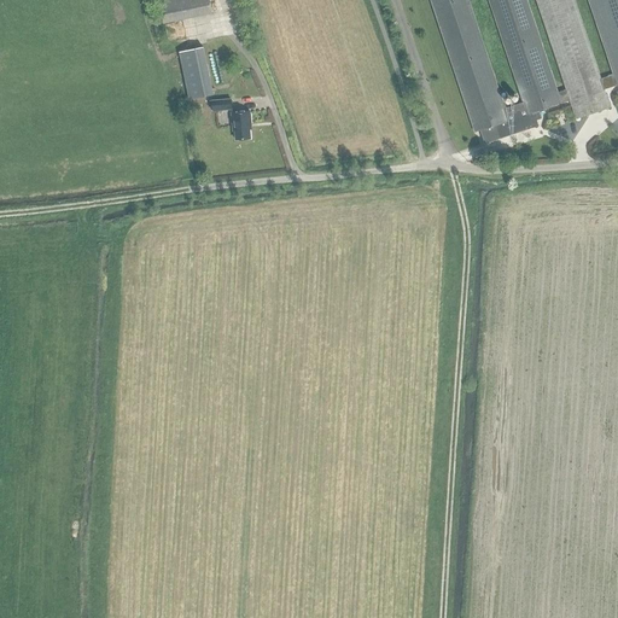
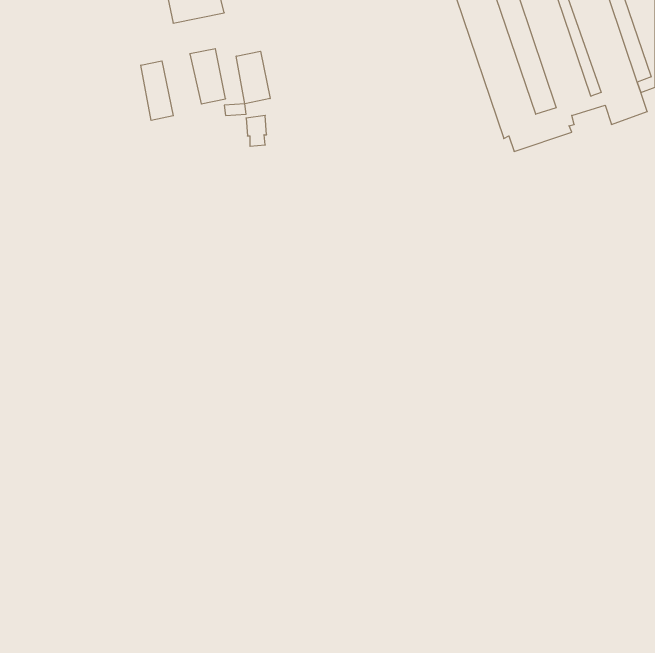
building: none -> [236,51,270,104]
building: none -> [141,61,173,120]

